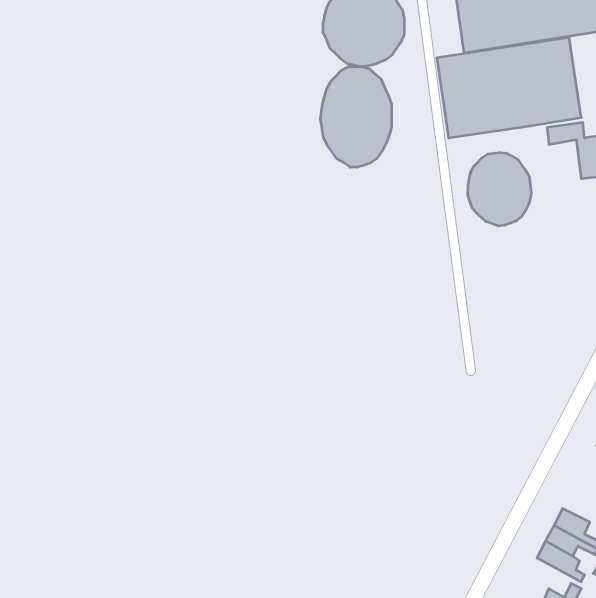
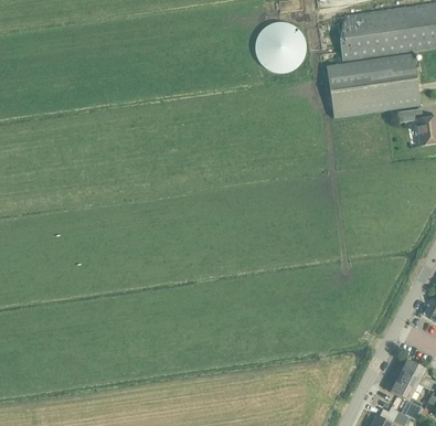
building: [321,66,391,167] -> none
building: [468,152,531,226] -> none

